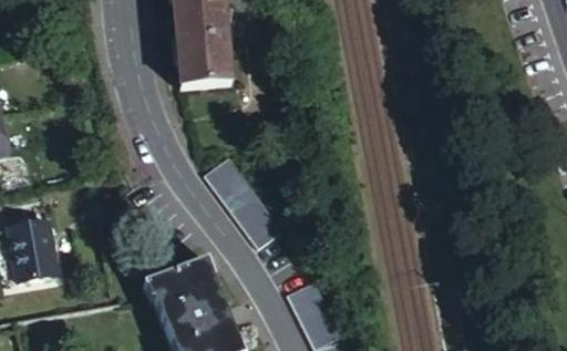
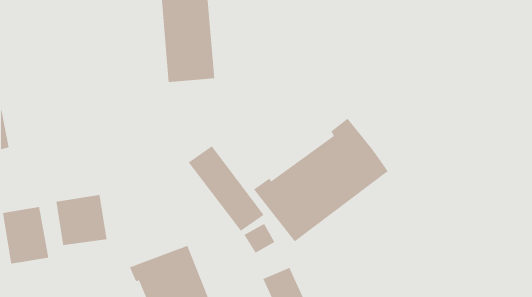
building: none -> [253,118,389,242]
building: none -> [56,194,107,246]

